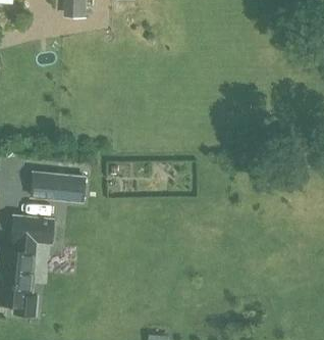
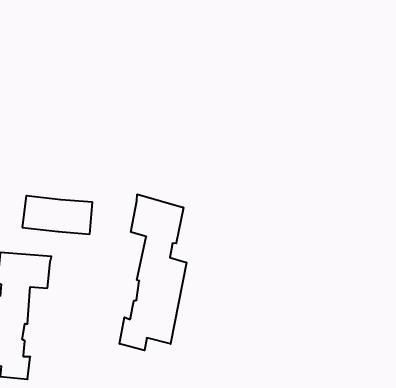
building: none -> [120,194,186,350]

